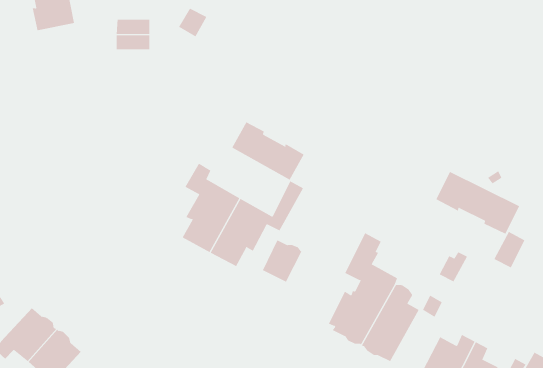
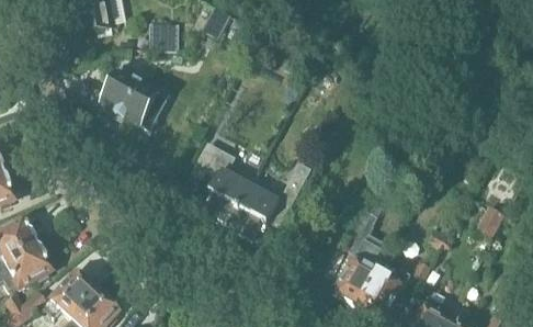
building: none -> [101,63,158,131]
building: [231,122,305,180] -> none
building: [435,171,520,235] -> none
building: [262,239,302,283] -> none

